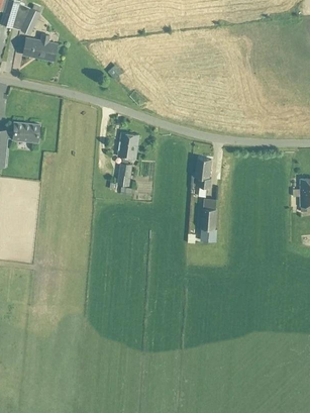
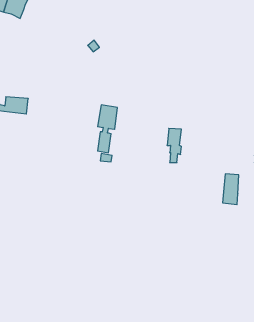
building: [22,33,57,62] -> none
building: [199,208,217,242] -> [223,174,239,205]

